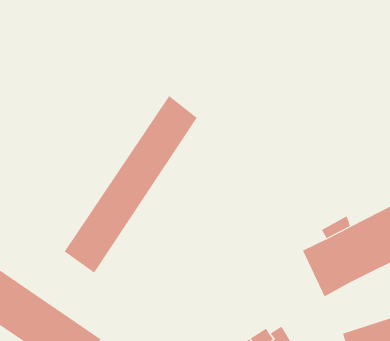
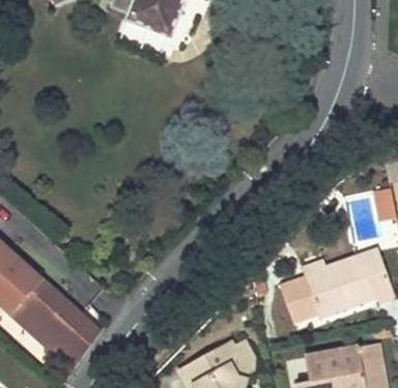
building: [64,95,198,274] -> none

